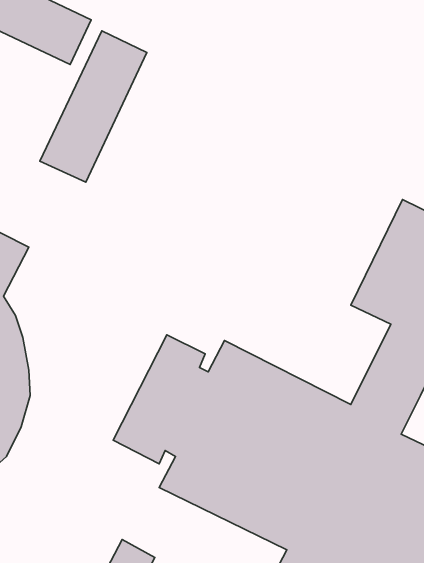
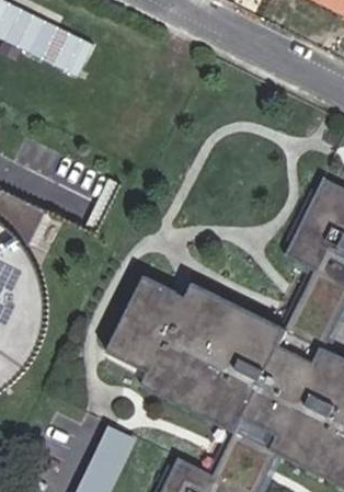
building: [40,31,147,182] -> none

